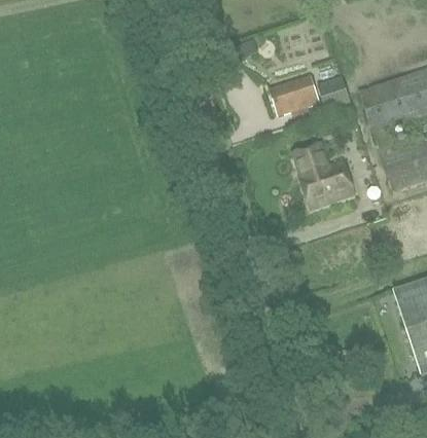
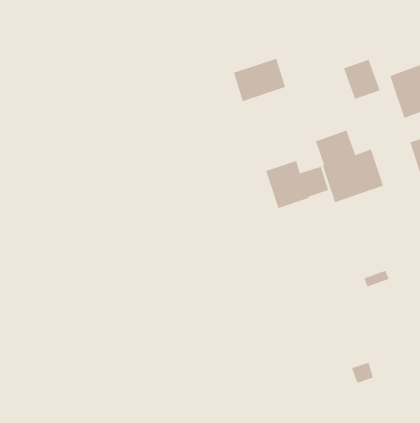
building: [271,75,319,115] -> [233,58,286,102]
building: none -> [266,160,329,209]

